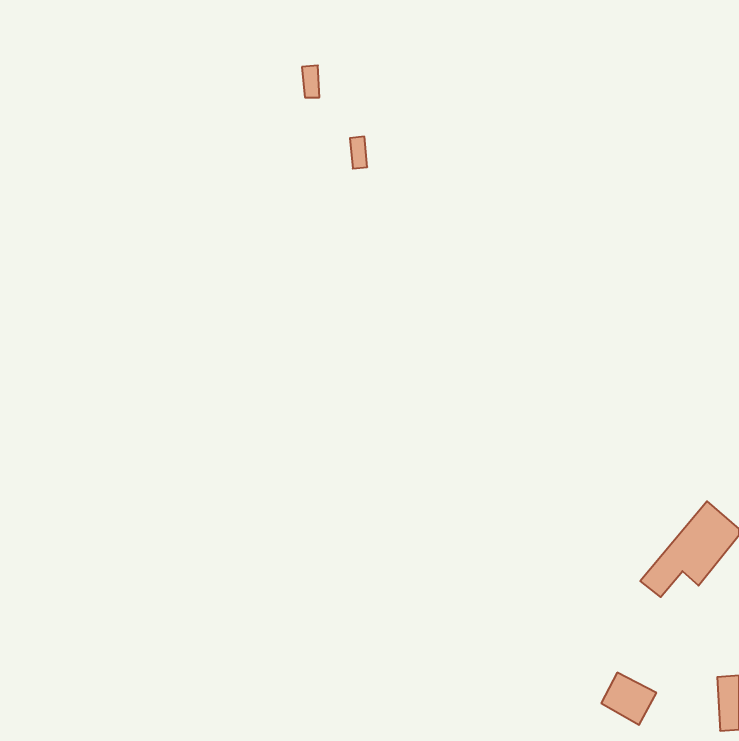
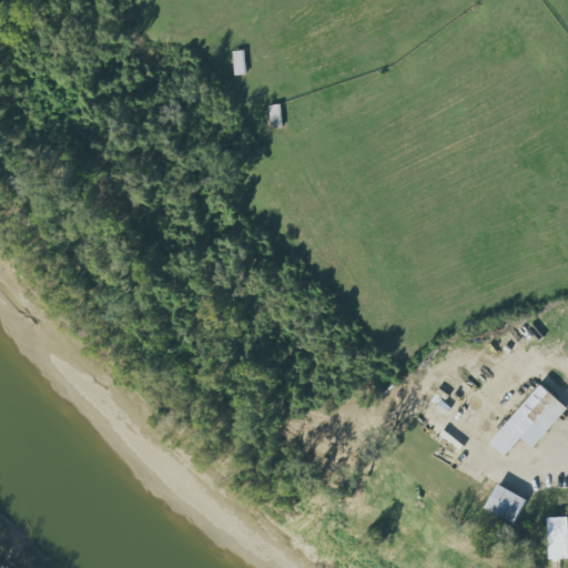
building: [601,673,656,725] -> [485,484,527,524]

